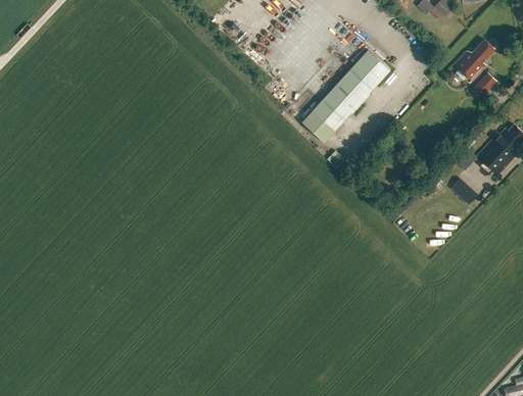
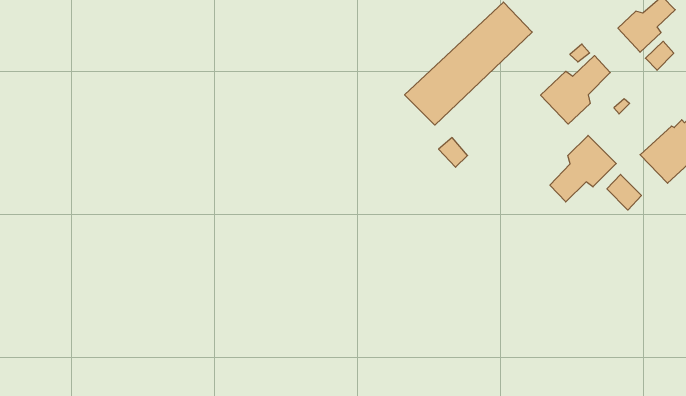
building: none -> [541,56,610,124]
building: none -> [550,135,616,202]

